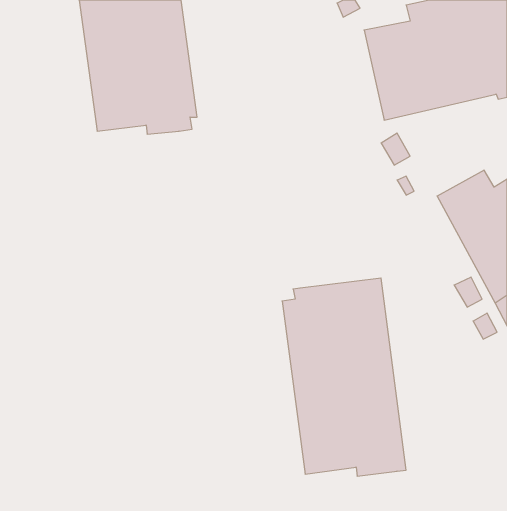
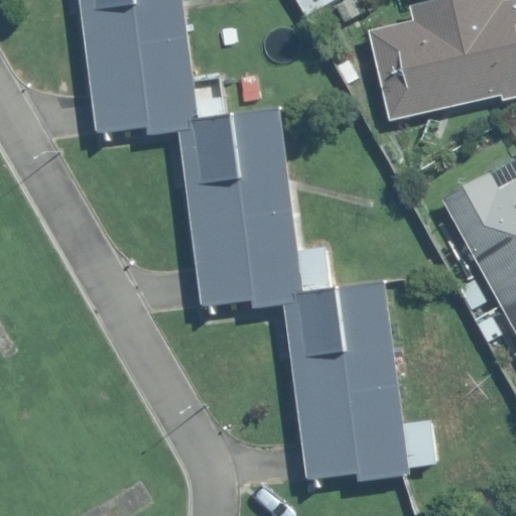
building: none -> [180,108,302,307]

